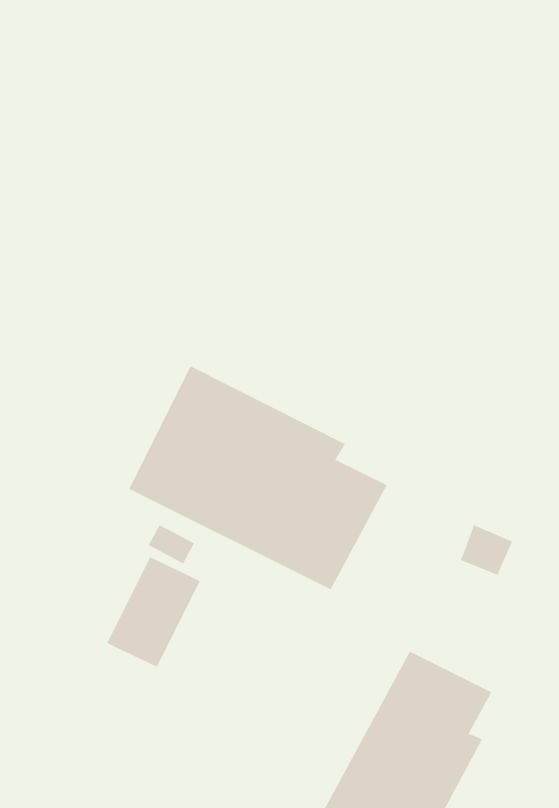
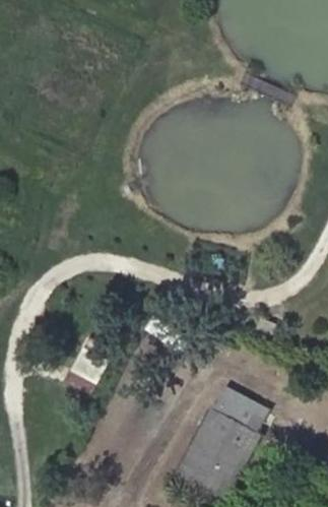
building: [129,365,388,590] -> none

